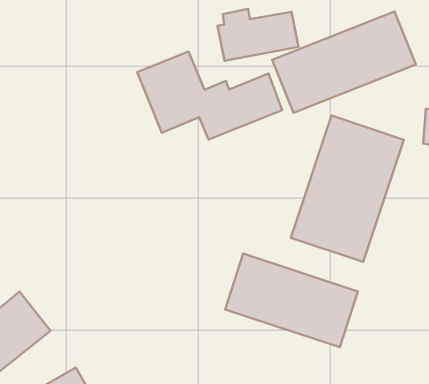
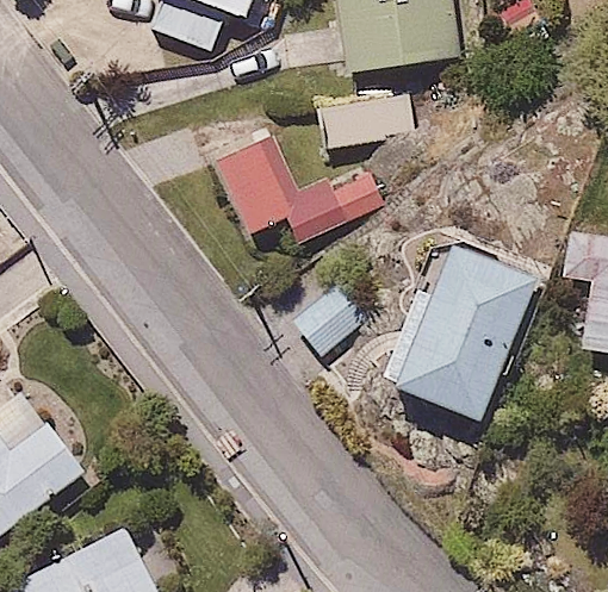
building: [272,11,416,113] -> none
building: [225,253,358,347] -> none

